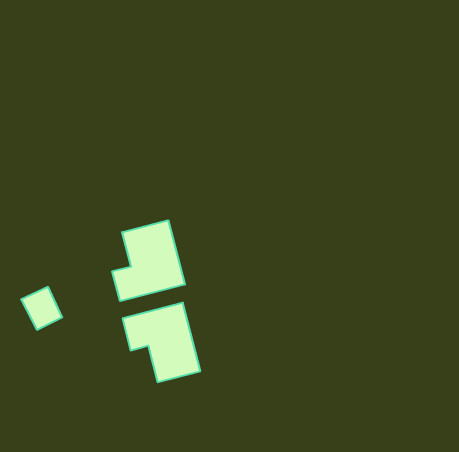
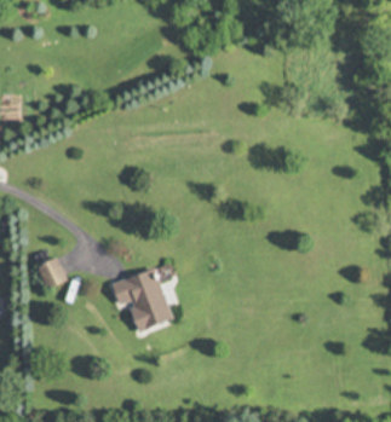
building: [112,220,185,301] -> none

